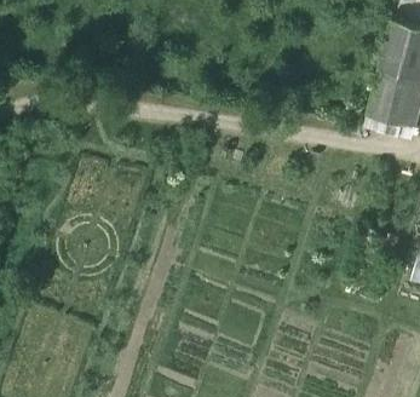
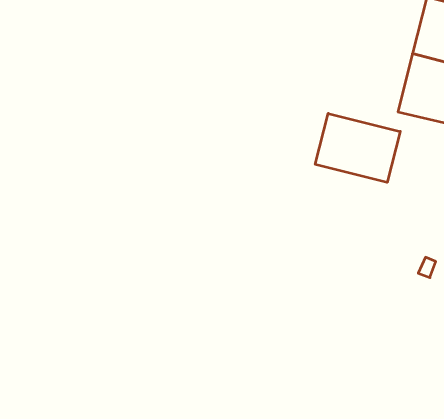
building: none -> [315,113,400,182]

